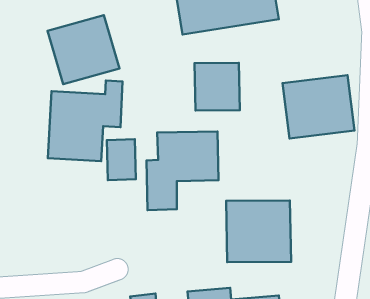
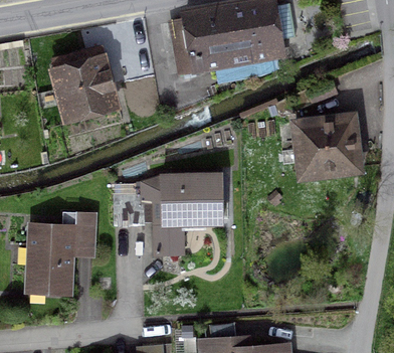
building: [195,63,240,110] -> none
building: [48,81,122,161] -> [21,211,98,295]
building: [226,200,291,262] -> none

